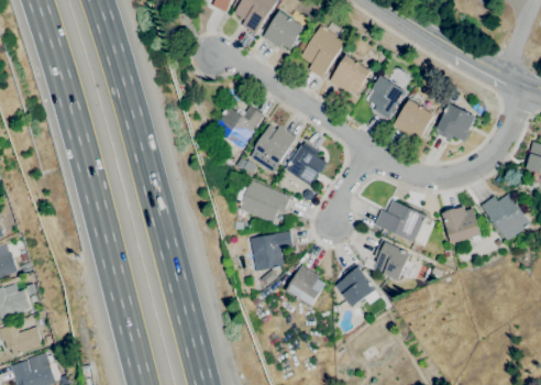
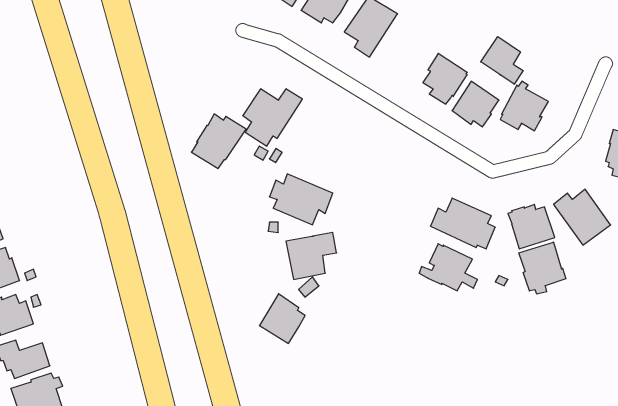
building: [330,54,372,94] -> none
building: none -> [481,37,523,84]
building: [250,124,297,172] -> [191,114,246,169]
building: [287,142,328,186] -> none
building: none -> [519,242,566,294]
building: [335,263,377,307] -> none
building: [286,264,325,307] -> [259,294,305,343]

